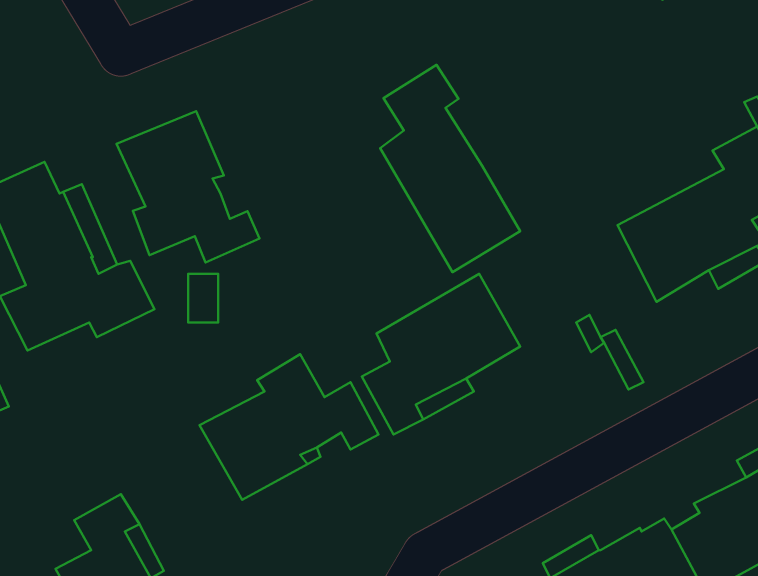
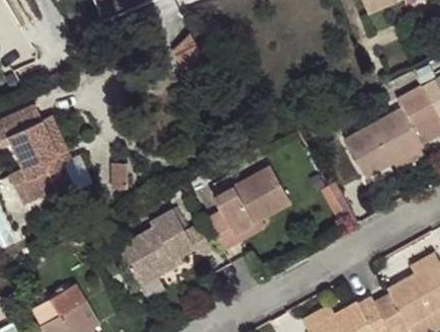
building: [380,65,520,272] -> none
building: [117,111,260,262] -> none

